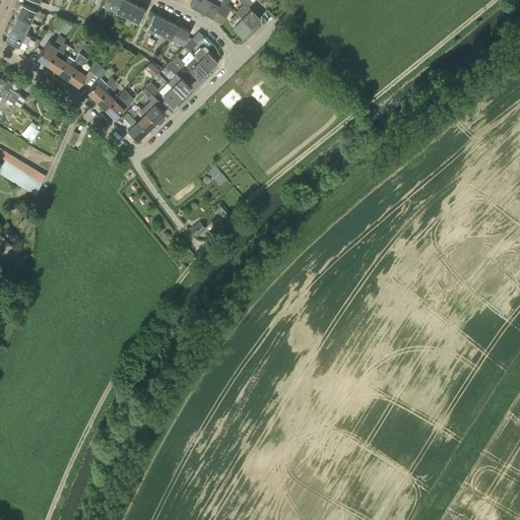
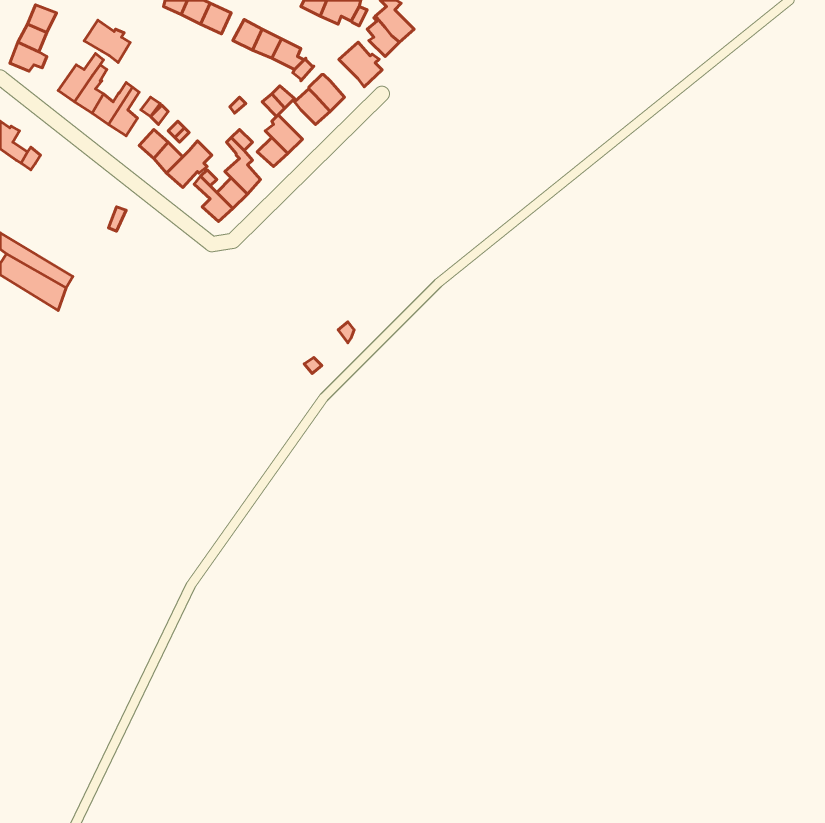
building: none -> [84,20,130,62]
building: none -> [339,42,382,87]

